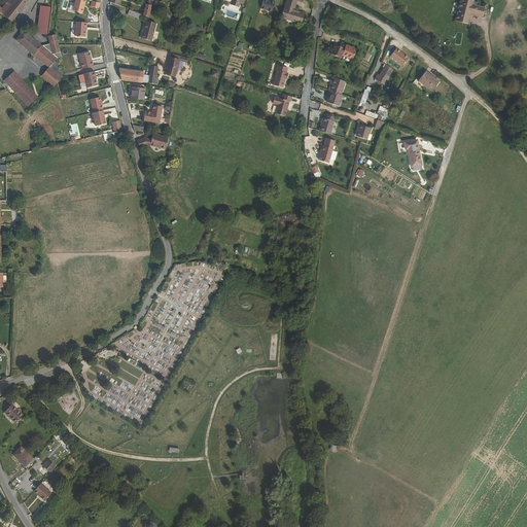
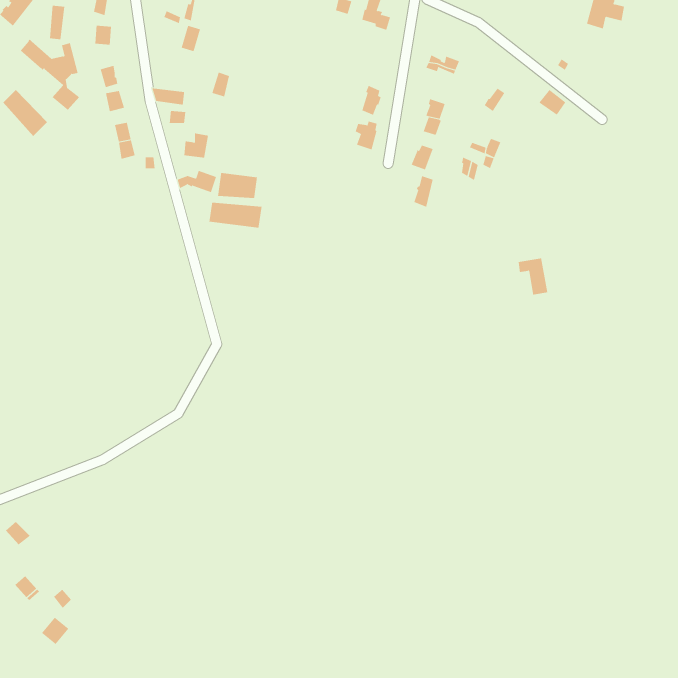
building: none -> [218,172,258,199]
building: [398,138,422,167] -> [518,258,548,295]
building: none -> [209,202,262,229]

